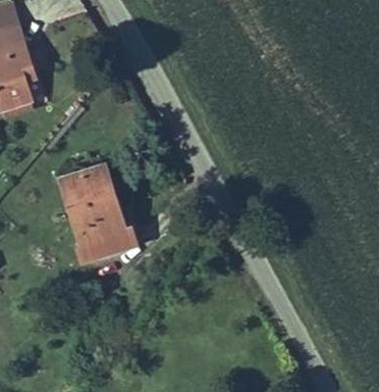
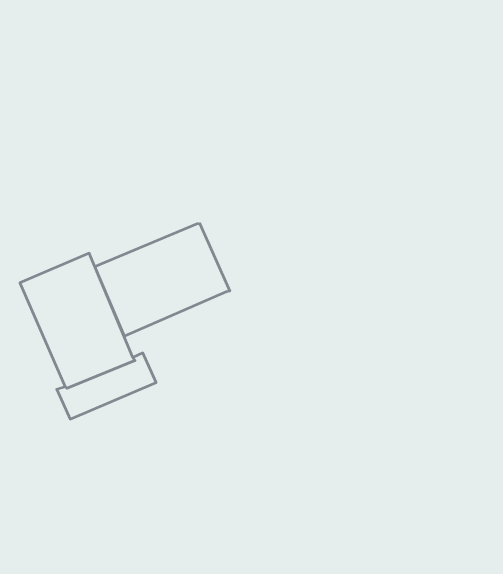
building: none -> [95,224,230,336]

